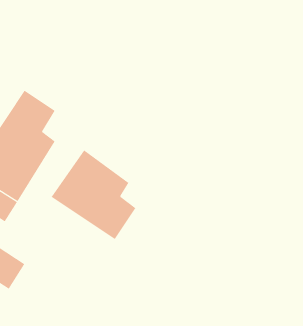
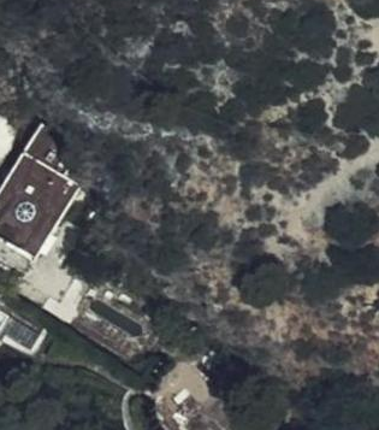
building: [51,150,136,240] -> none

